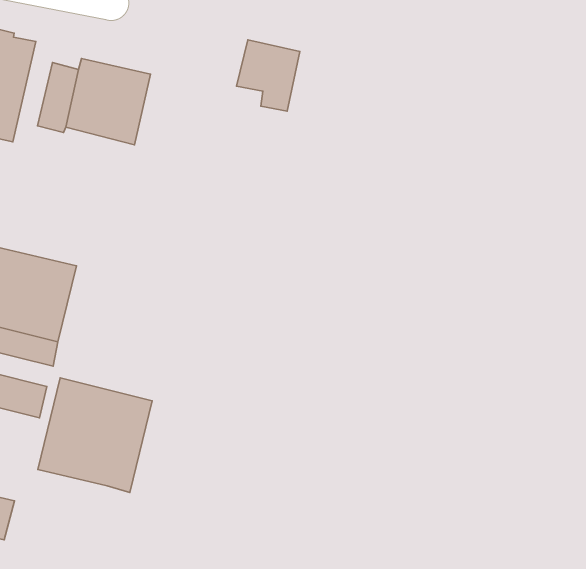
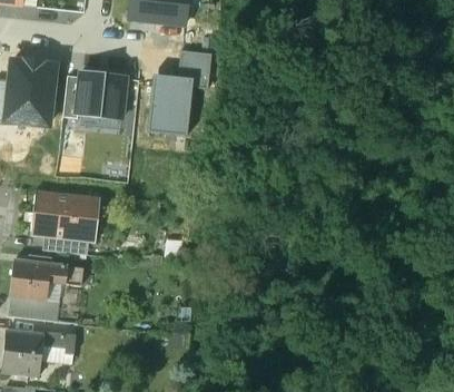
building: none -> [148,76,193,137]
building: [38,378,152,493] -> none

